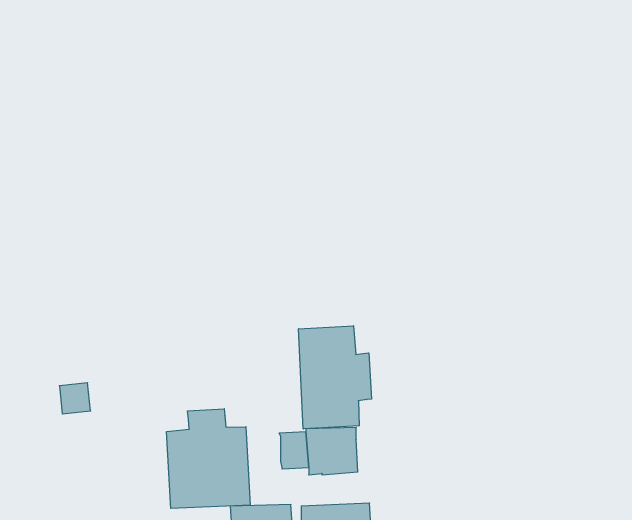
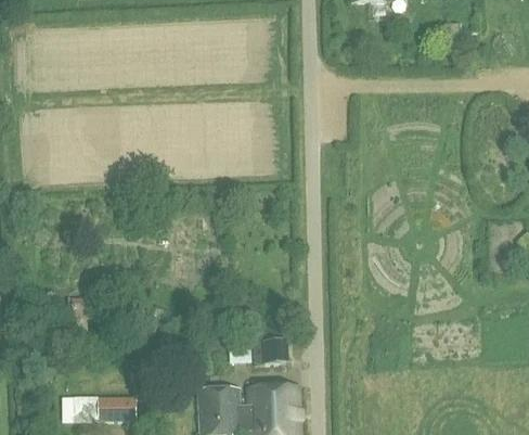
building: [299,326,371,429] -> none
building: [167,409,250,508] -> none

